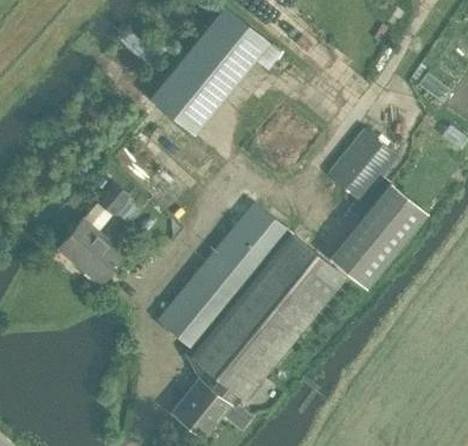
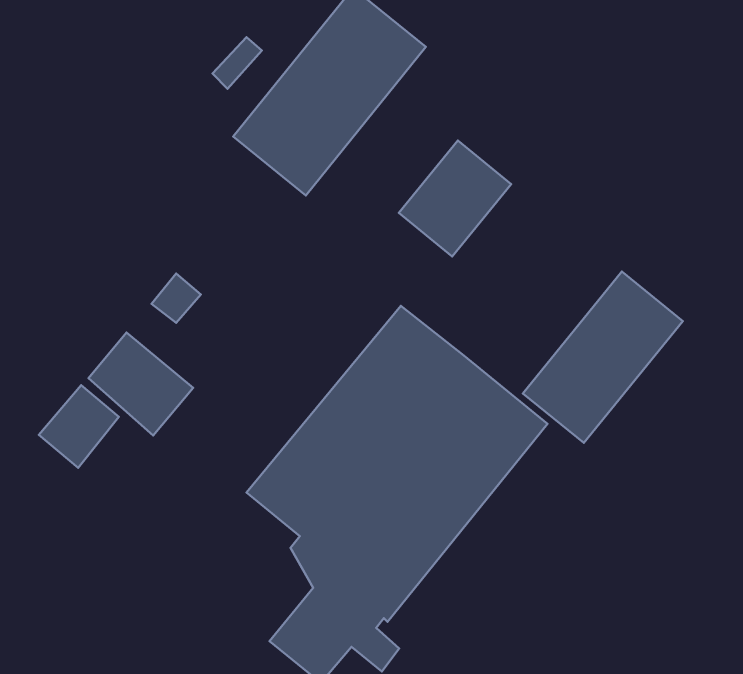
building: [328,129,398,202] -> [399,140,511,257]
building: none -> [39,385,119,468]

